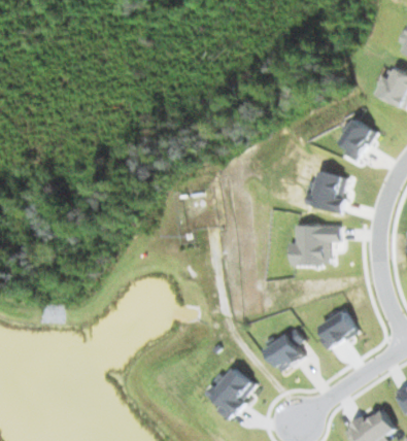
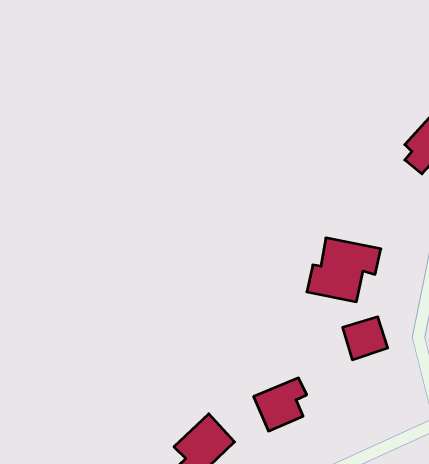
building: [312,170,350,214] -> none
building: [319,312,355,347] -> [343,317,388,360]

